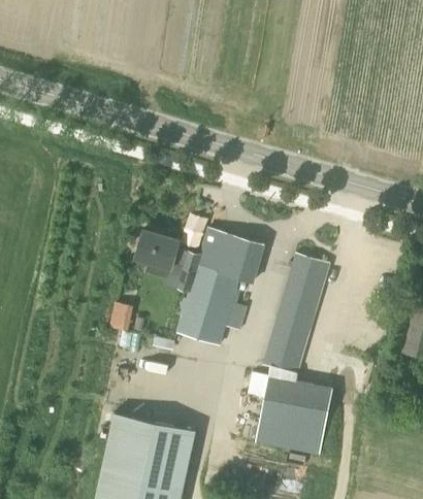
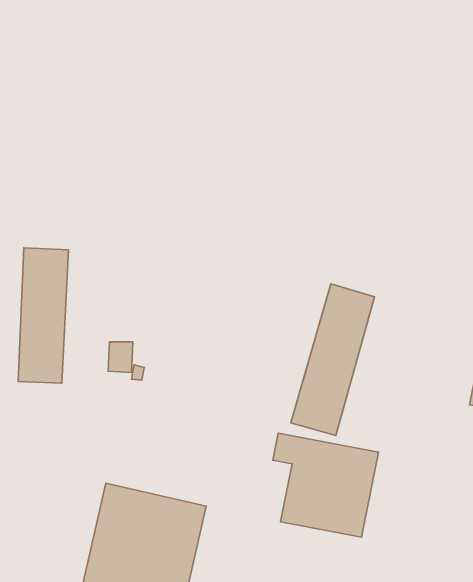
building: none -> [18,248,69,383]
building: [135,229,264,344] -> none

